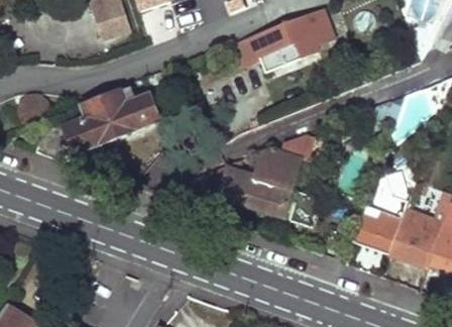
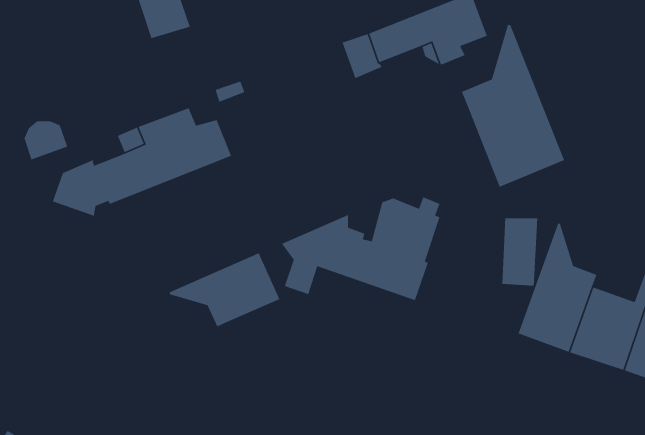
building: none -> [461,24,565,188]
building: none -> [502,218,538,286]
building: none -> [169,252,281,328]

